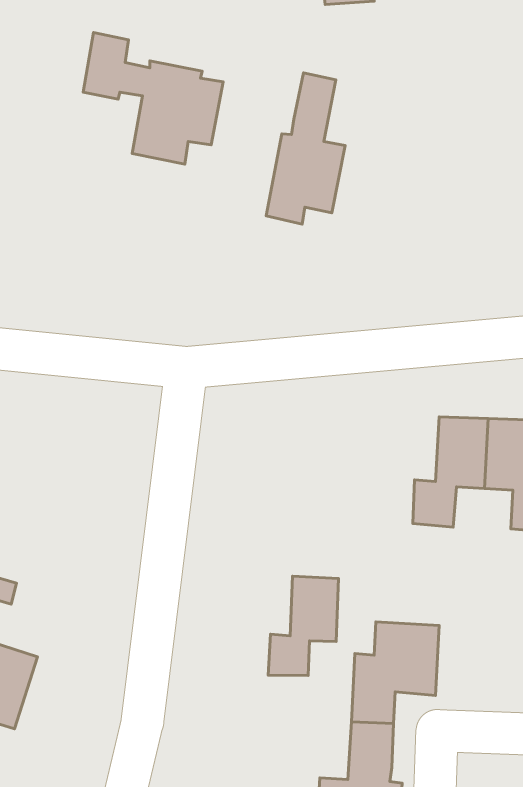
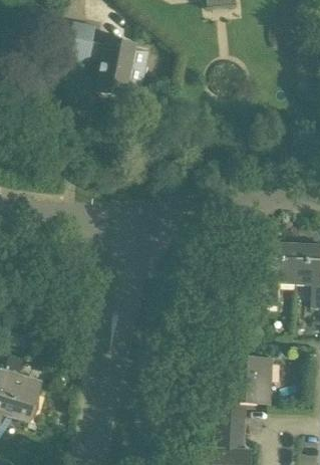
building: [266,73,345,224] -> none
building: [268,576,339,675] -> none

